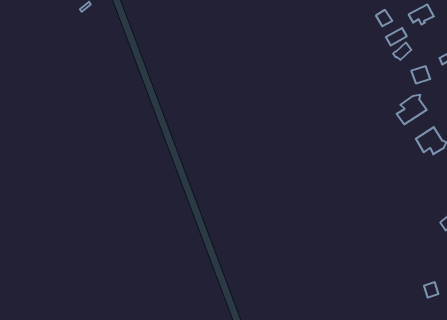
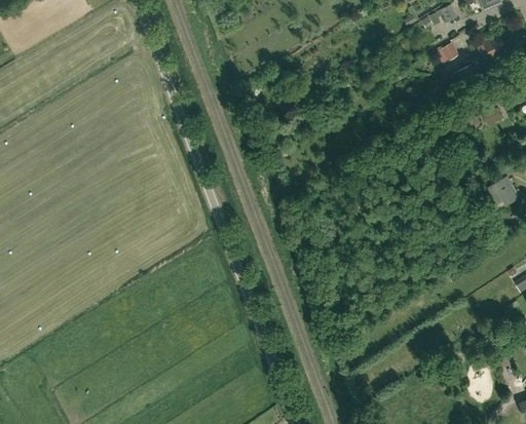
building: [397,95,427,124] -> none

